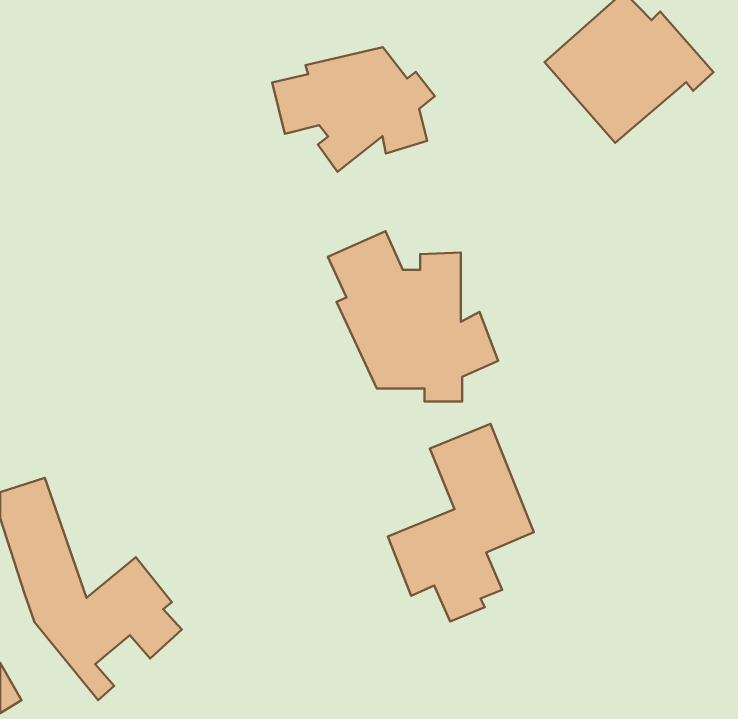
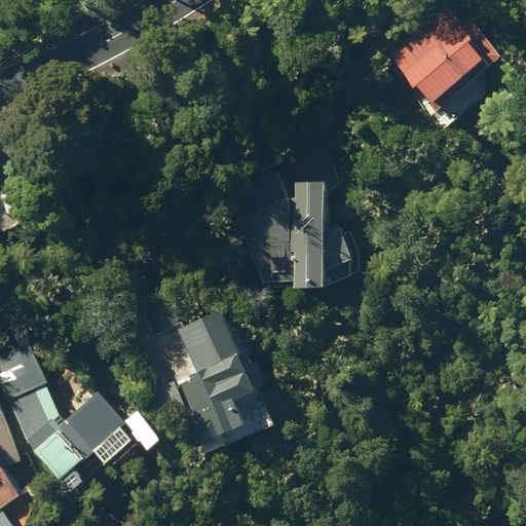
building: [272,47,435,172] -> none
building: [388,424,534,622] -> [155,321,259,461]

